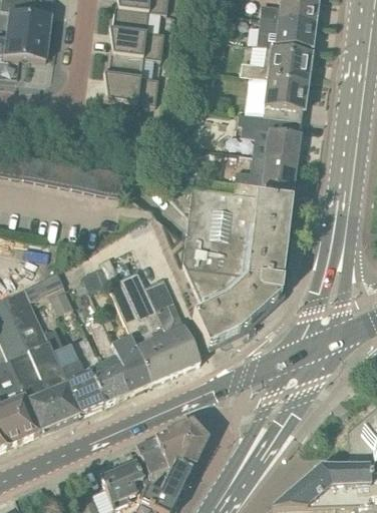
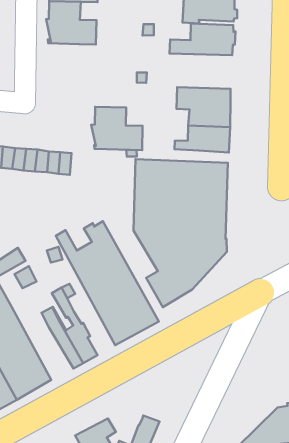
building: [104,51,159,102] -> [91,107,143,150]
building: [245,77,310,118] -> none
building: [45,326,105,413] -> none
building: [111,333,152,391] -> none
building: [137,421,208,474] -> none

